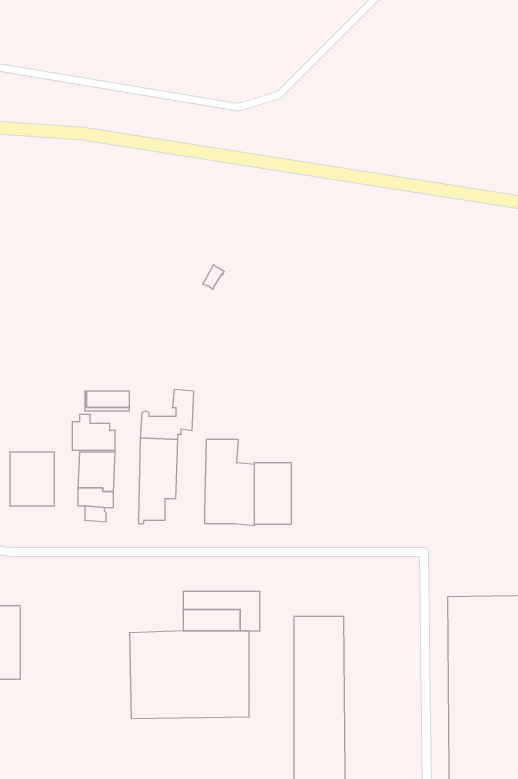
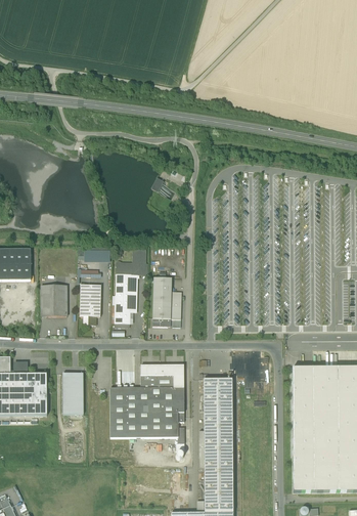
building: [255,462,291,524] -> none
building: none -> [62,372,84,413]

